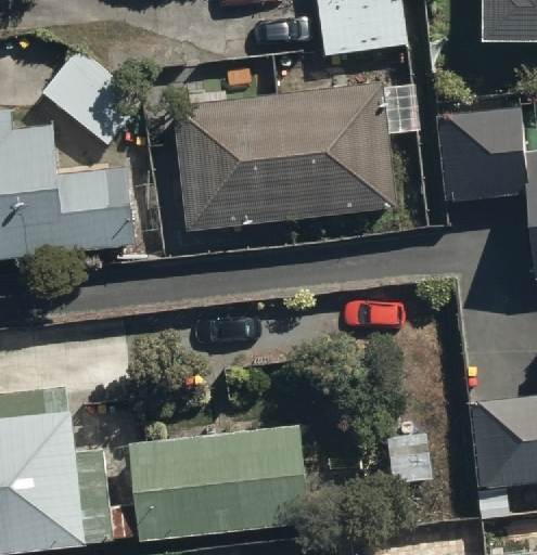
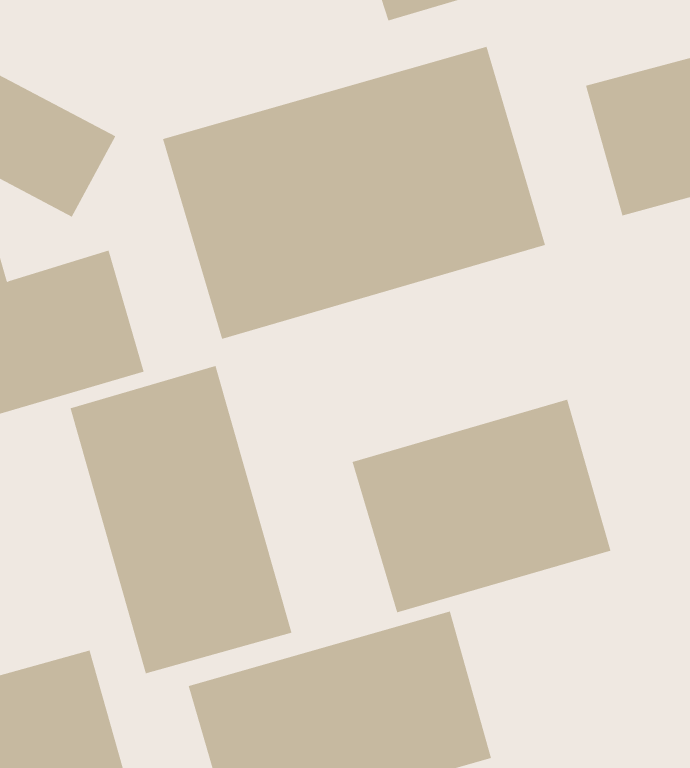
building: none -> [70,365,292,674]
building: none -> [352,399,611,613]

